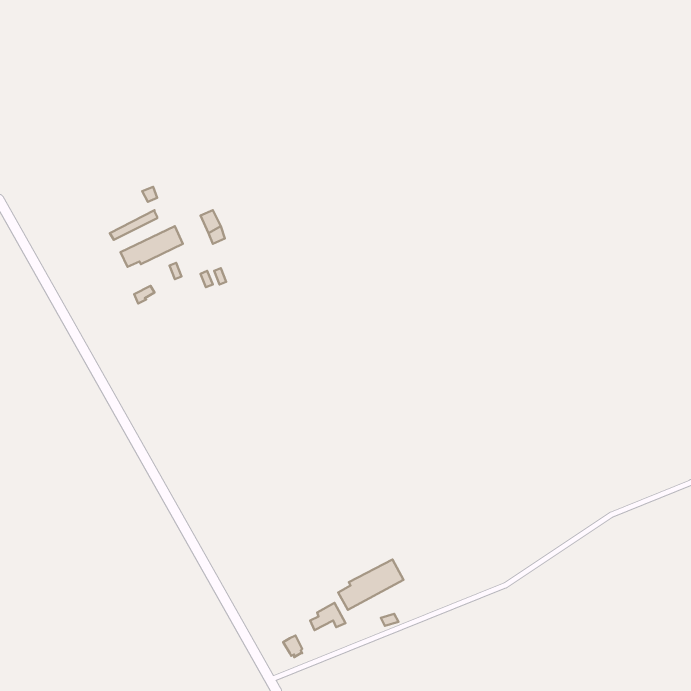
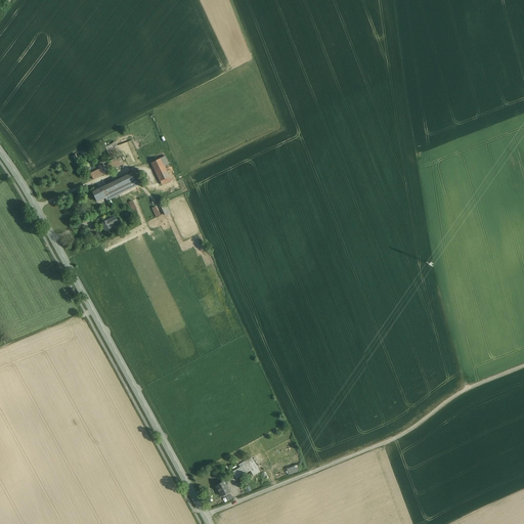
building: [338,559,404,610] -> none

